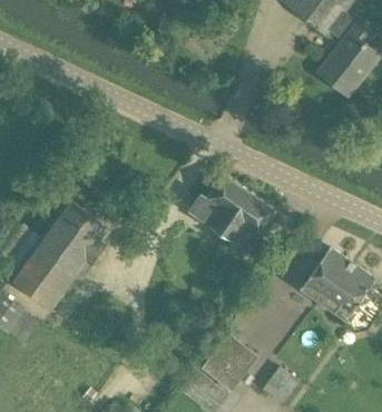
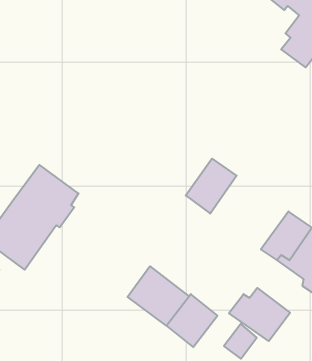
building: [189,174,249,232] -> none
building: none -> [128,266,189,326]
building: none -> [229,288,290,341]

